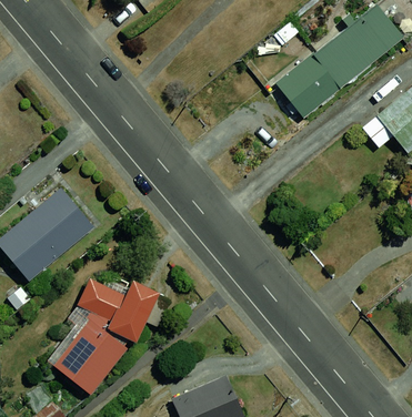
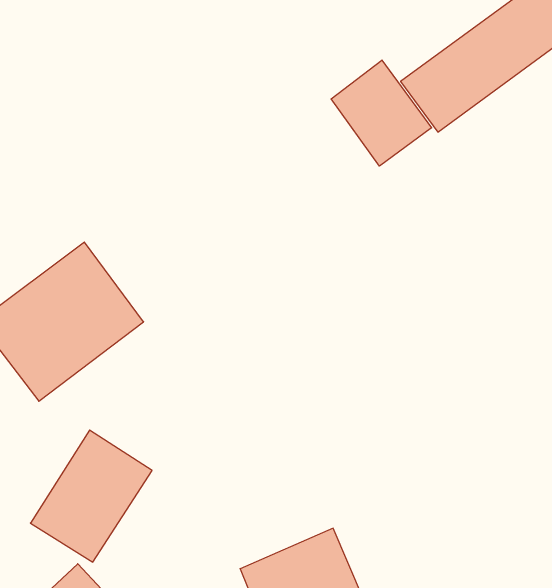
building: none -> [331,60,432,166]
building: [88,267,168,342] -> none

